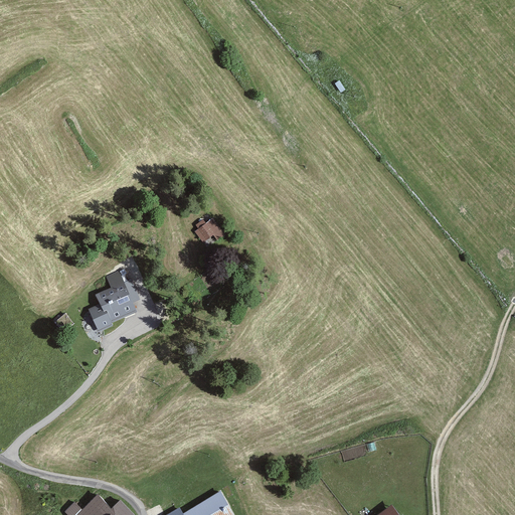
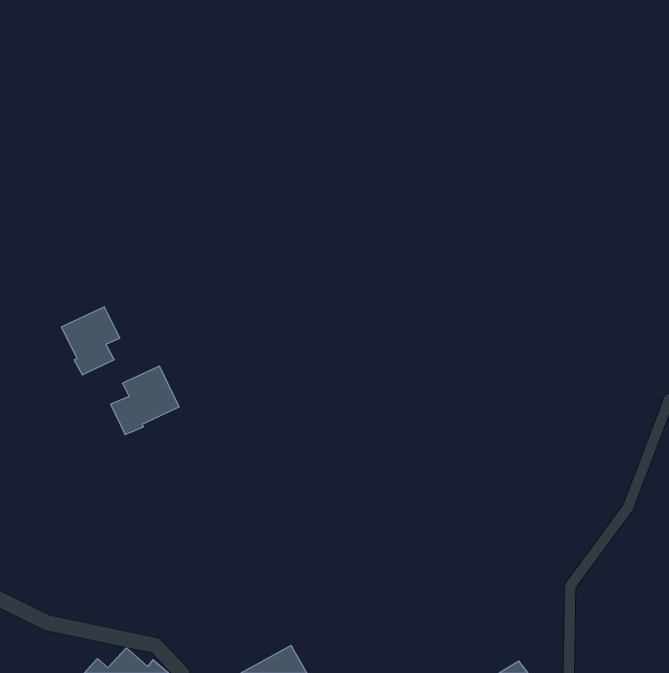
building: [192,218,222,248] -> none
building: none -> [62,307,120,375]

